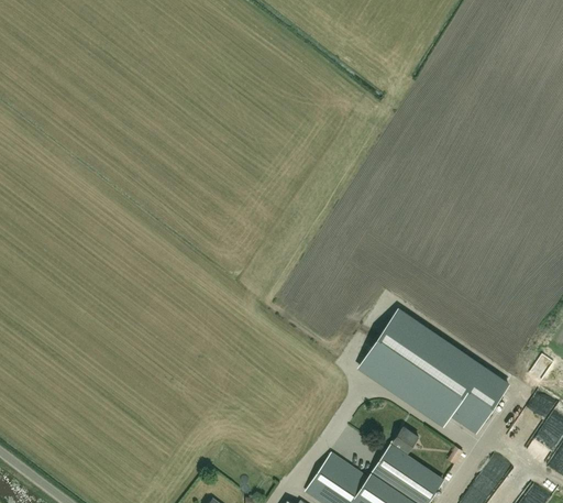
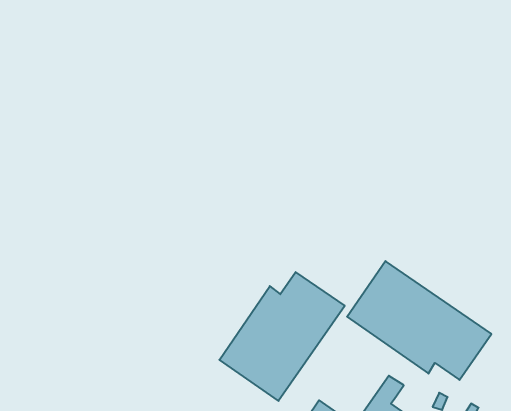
building: none -> [219,272,345,401]

